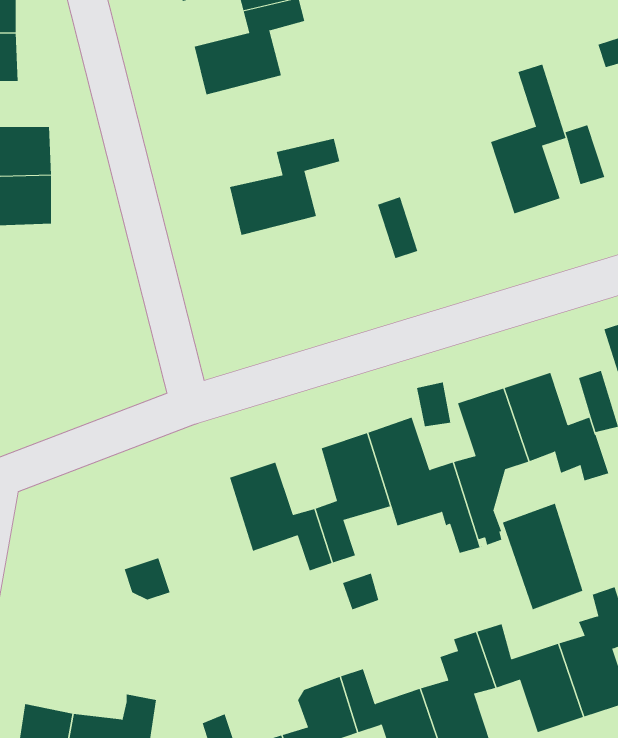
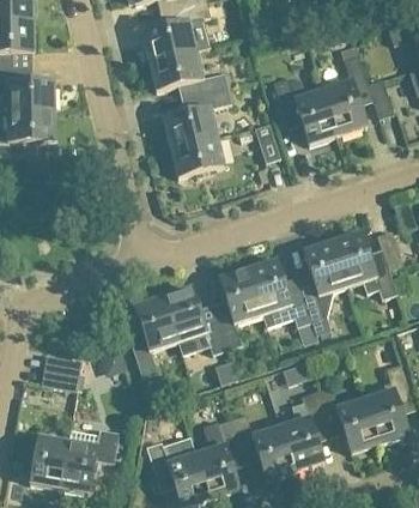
building: none -> [148,48,227,95]
building: none -> [273,75,338,141]
building: none -> [170,134,224,175]
building: none -> [130,295,177,375]
building: [502,503,583,610] -> none
building: none -> [41,353,81,389]

